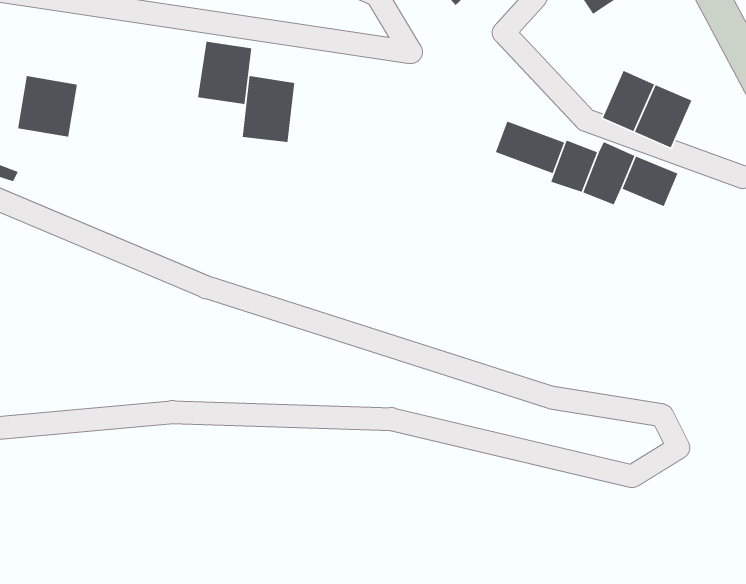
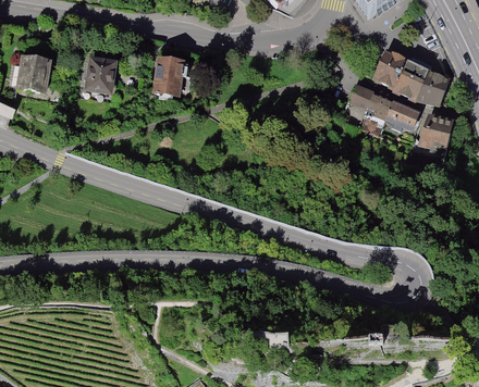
building: [197,41,252,105] -> [83,54,116,93]
building: none -> [415,67,447,103]
building: [495,120,565,174] -> none
building: none -> [416,116,452,155]

